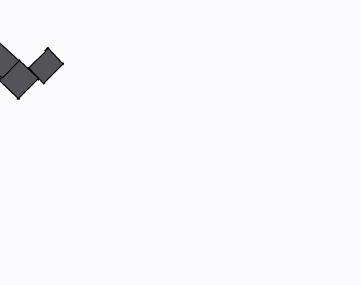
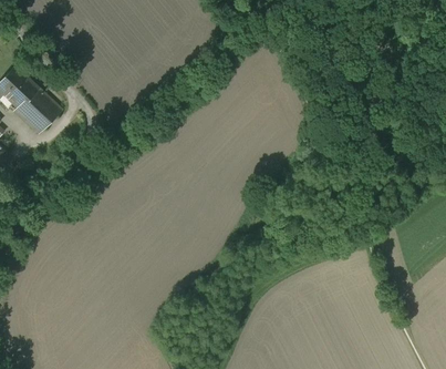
building: [28,48,63,84] -> none

